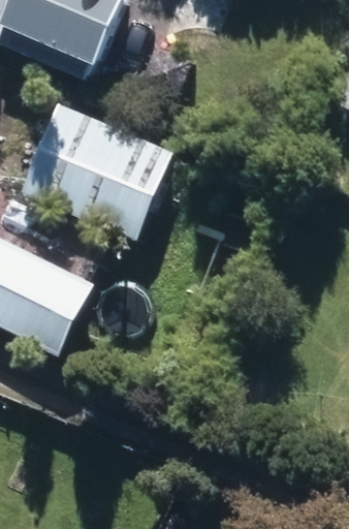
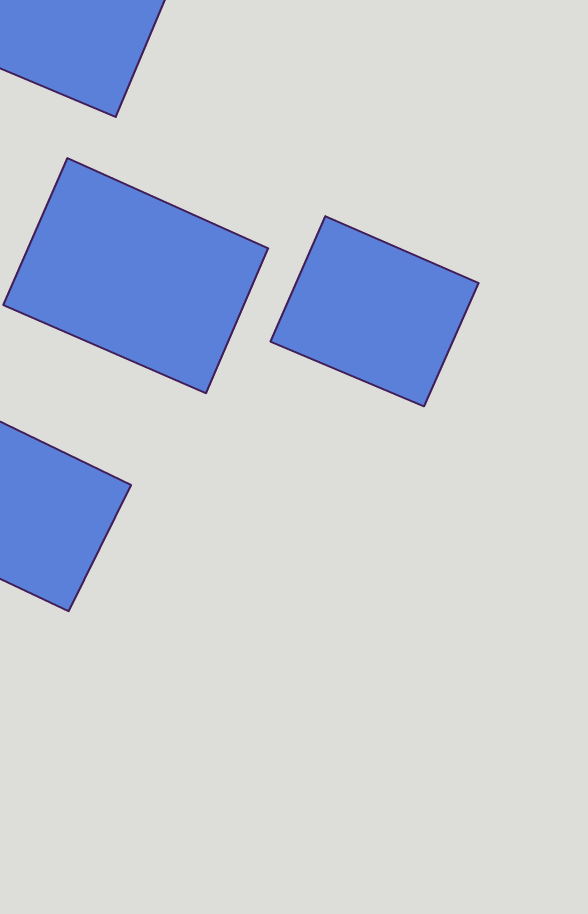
building: none -> [271,216,479,406]

